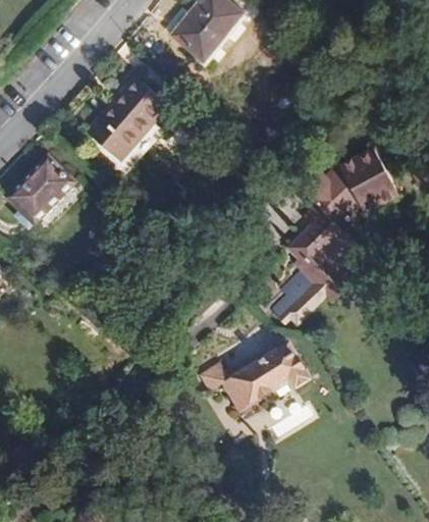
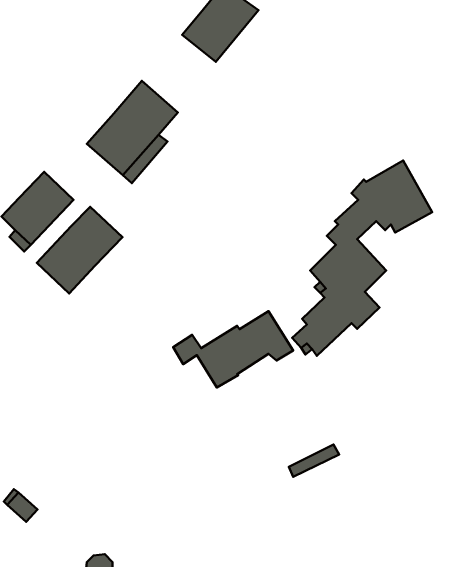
building: none -> [37,207,122,293]
building: [200,342,309,411] -> [173,311,293,388]

